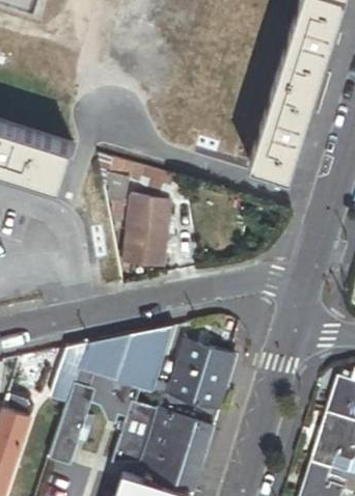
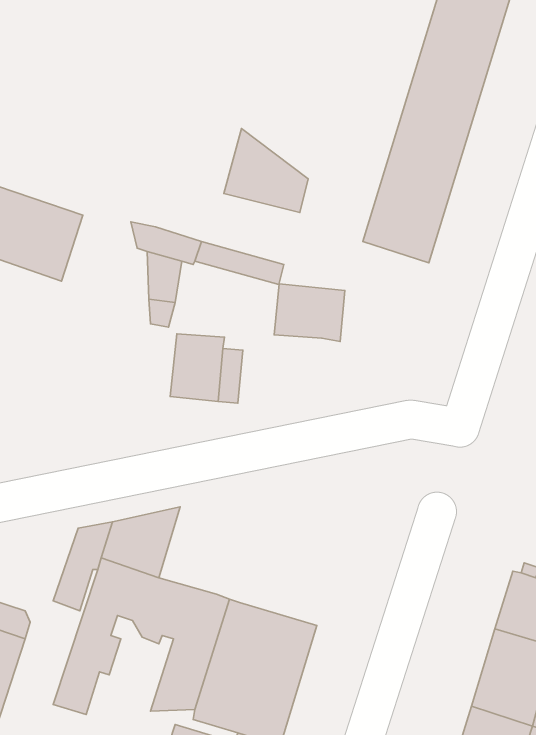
building: none -> [224,128,308,212]
building: [127,192,171,228] -> [274,284,345,341]
building: [115,325,171,388] -> none
building: [166,338,233,408] -> none

